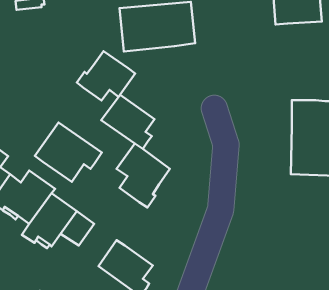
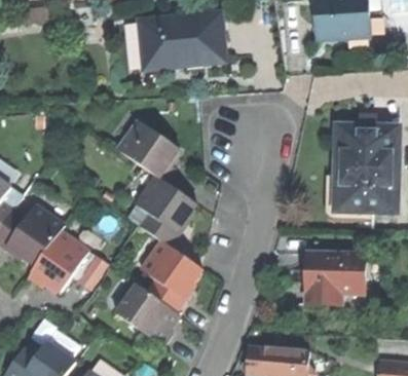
building: [77,51,135,100] -> none
building: [35,123,102,182] -> none
building: none -> [139,240,200,312]
building: none -> [306,252,364,303]

